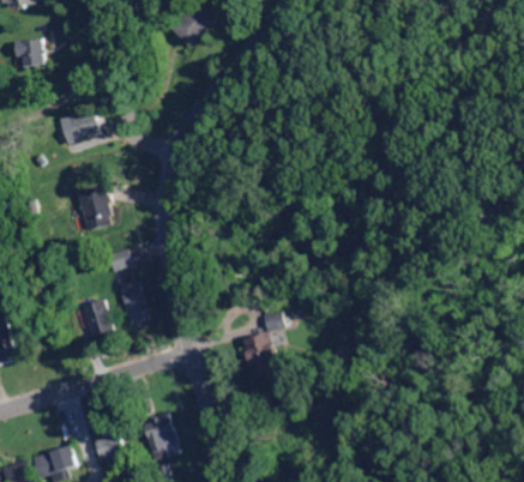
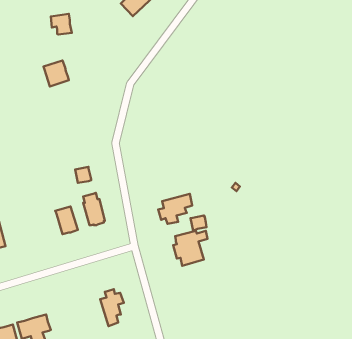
building: [14,40,42,67] -> [51,14,72,35]
building: [78,187,112,231] -> none
building: none -> [158,194,192,224]
building: [94,429,124,458] -> none

